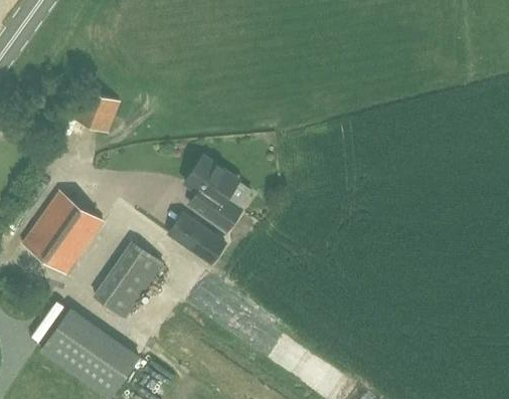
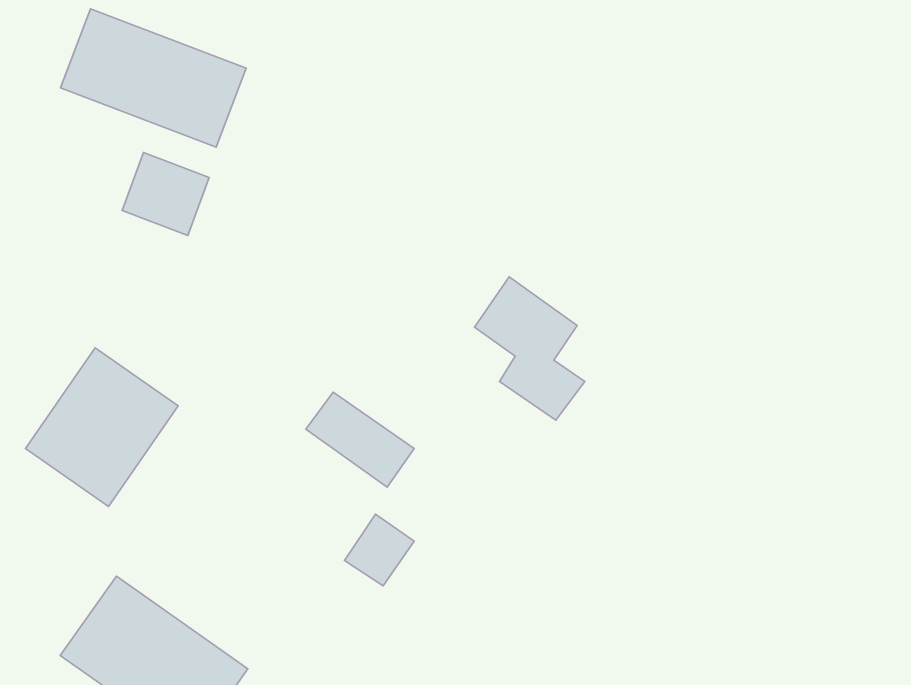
building: none -> [60,9,246,147]
building: [184,156,241,230] -> [474,277,585,420]
building: [96,242,163,317] -> none

